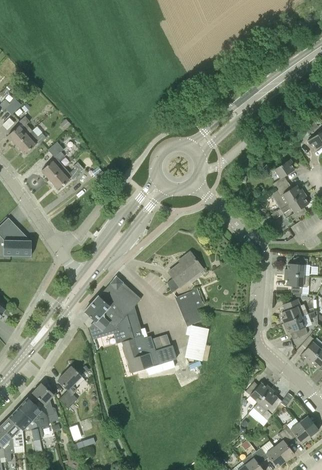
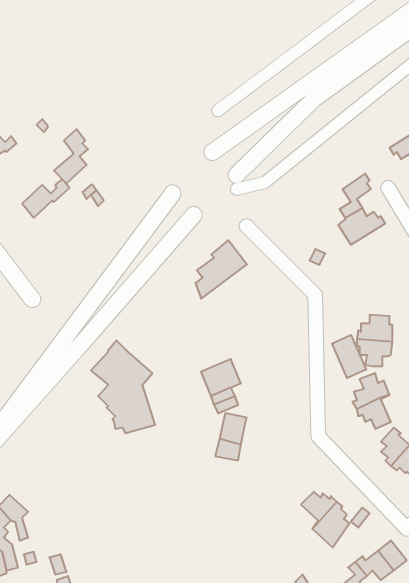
building: [41,142,65,180] -> [54,129,88,183]
building: [271,194,308,220] -> none
building: [167,252,203,293] -> [195,240,247,299]
building: none -> [332,335,366,378]
building: [84,296,115,339] -> none
building: [122,334,176,373] -> none
building: [57,367,81,401] -> none

